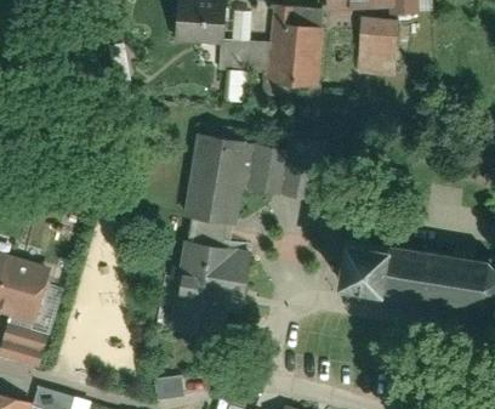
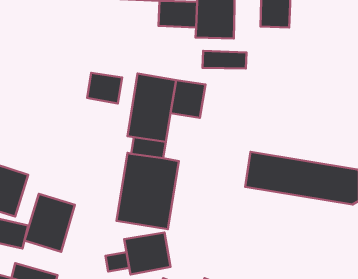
building: none -> [202,51,246,68]
building: none -> [87,73,122,103]
building: none -> [25,194,75,252]
building: none -> [124,233,171,275]

